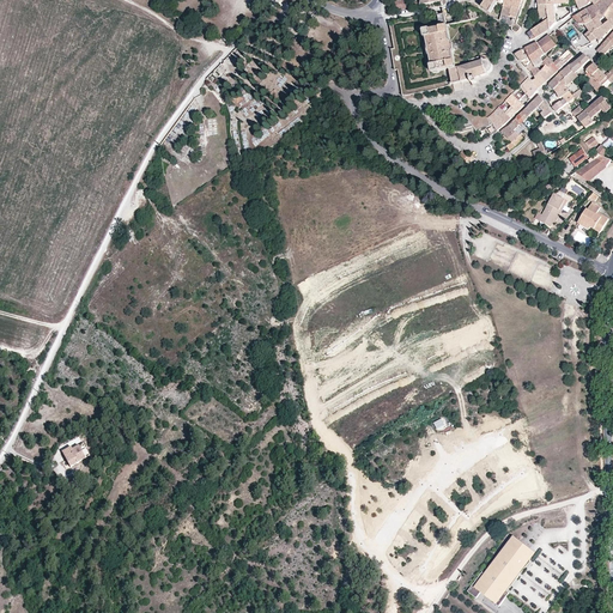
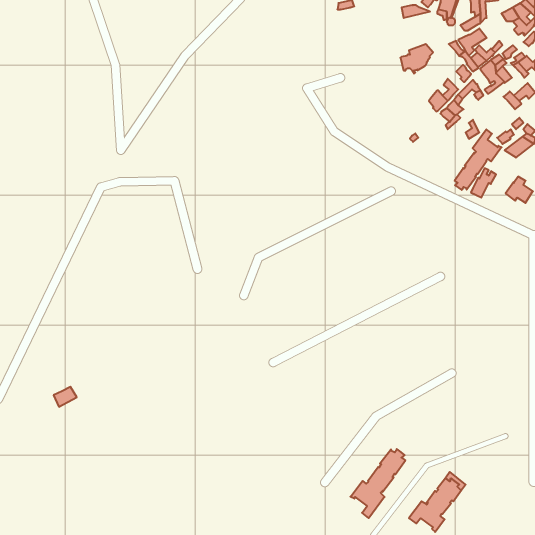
building: [420,8,460,83] -> none
building: none -> [455,129,502,190]
building: none -> [350,449,405,518]

